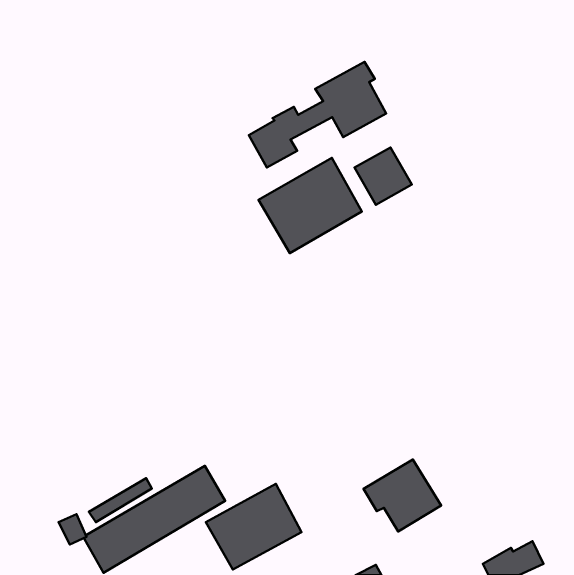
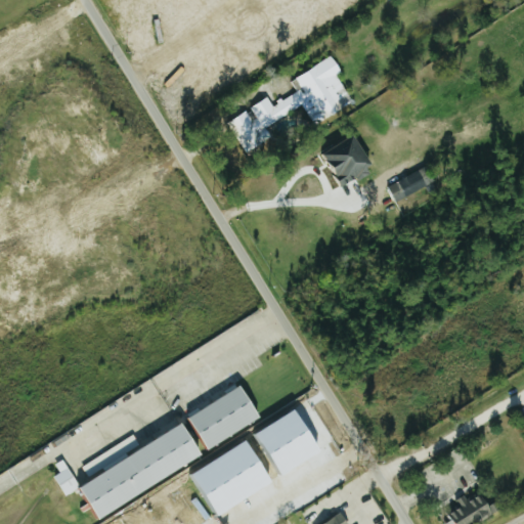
building: [259,158,362,253] -> none
building: none -> [387,168,433,200]
building: none -> [190,386,261,447]
building: [363,459,441,531] -> [253,408,323,474]

